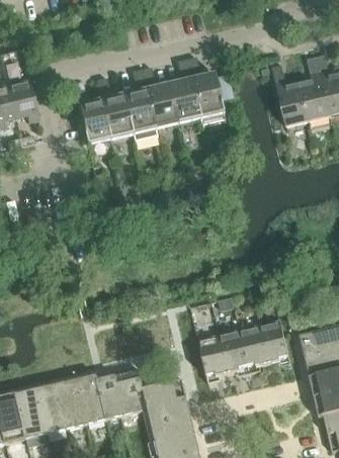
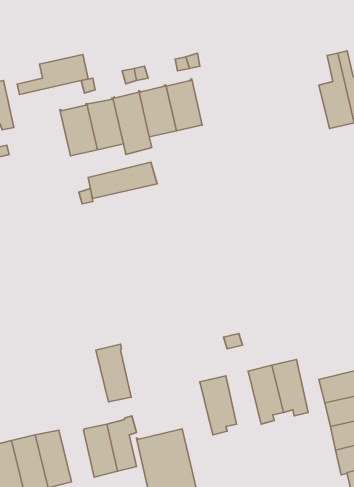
building: none -> [17,55,88,95]
building: [270,63,308,124] -> none
building: [189,72,224,125] -> none
building: none -> [88,162,157,199]
building: [219,328,249,375] -> none
building: [75,373,105,423] -> [96,344,131,402]

